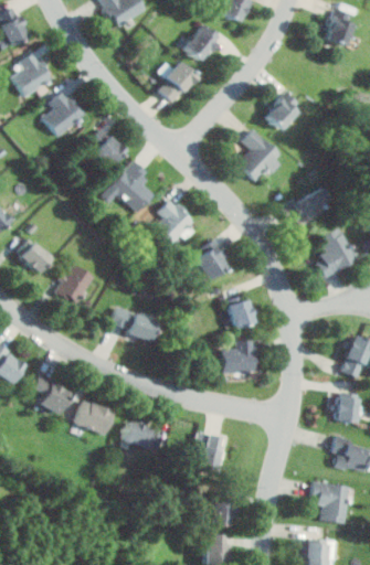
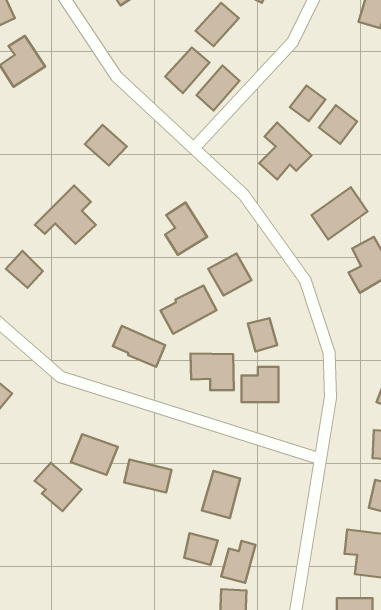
building: none -> [196,65,239,111]
building: [44,92,85,138] -> none
building: none -> [319,105,357,144]
building: [102,161,155,212] -> [35,185,96,244]
building: [57,264,95,305] -> none
building: none -> [161,285,217,334]
building: none -> [190,354,234,390]
building: [29,372,70,414] -> [34,463,81,511]
building: none -> [184,533,218,565]

